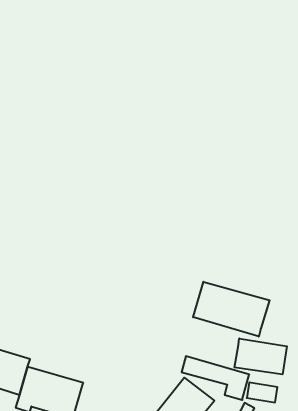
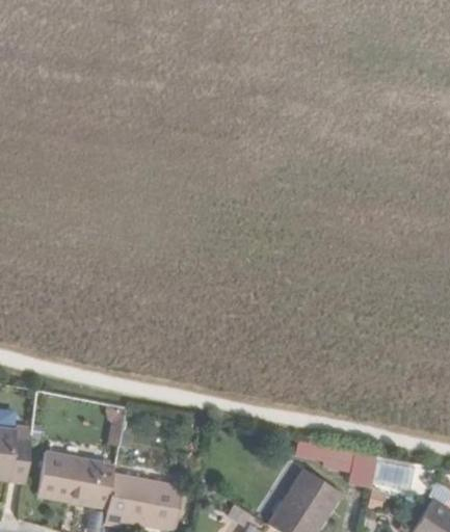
building: [193,282,270,337] -> none
building: [234,338,287,374] -> none

